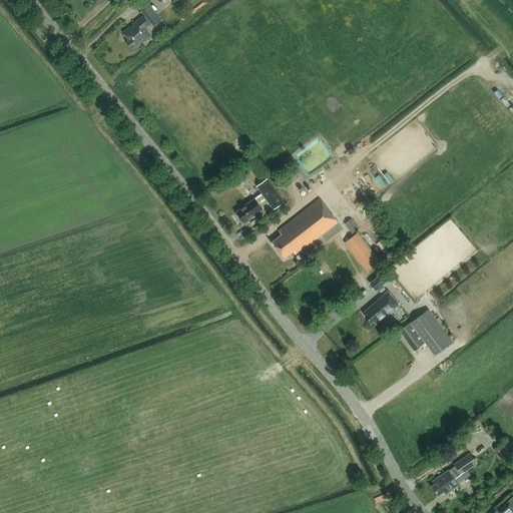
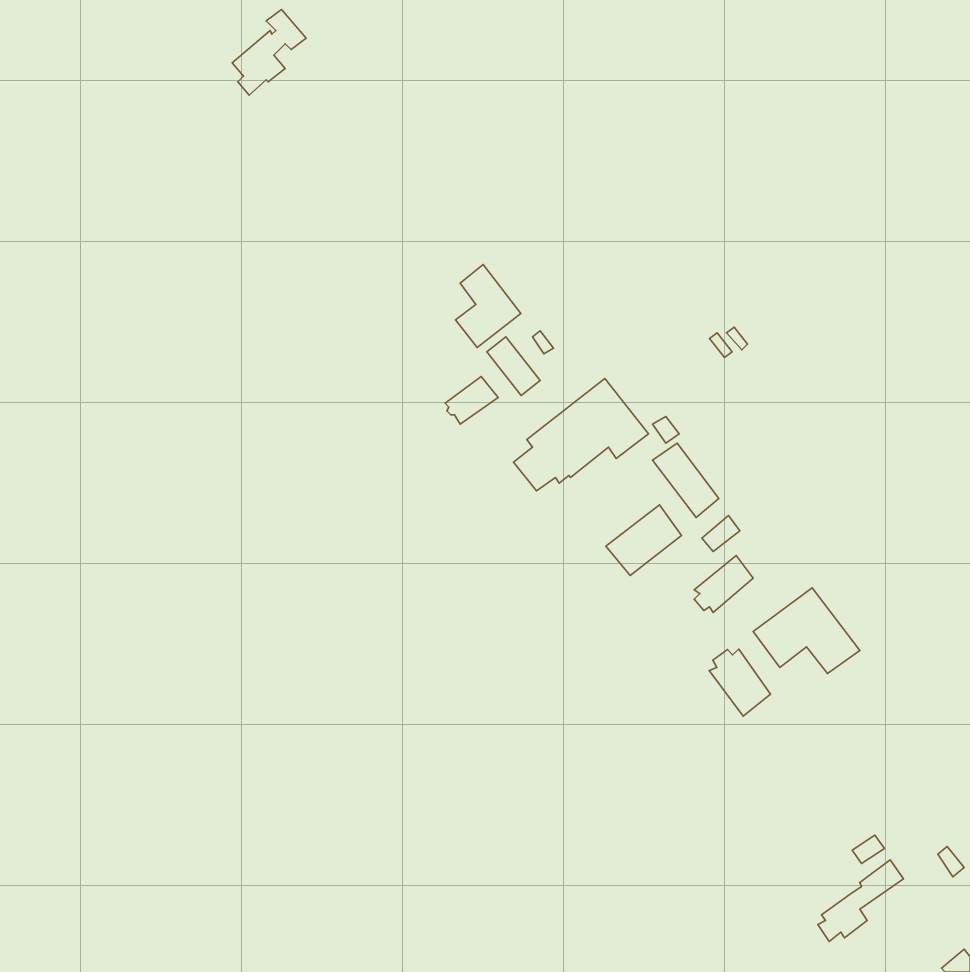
building: none -> [456,264,521,347]
building: none -> [606,505,682,575]
building: none -> [709,649,770,716]

